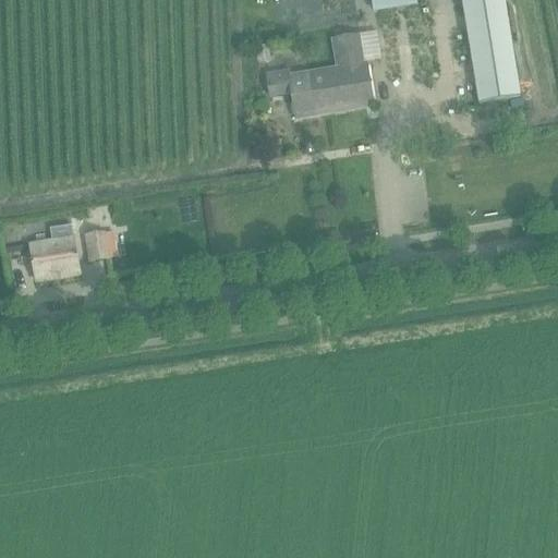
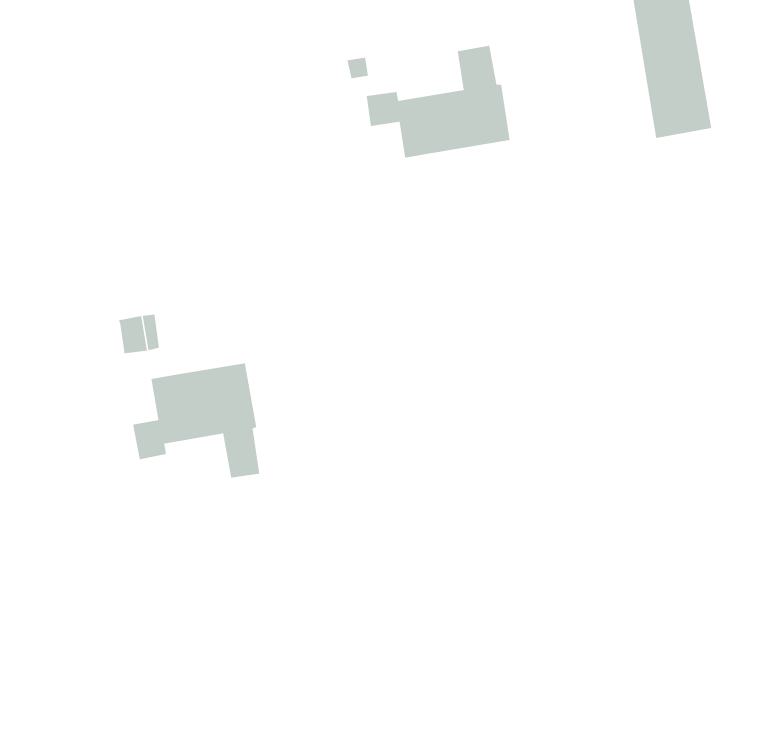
building: [29,221,80,278] -> none
building: none -> [132,362,260,479]

